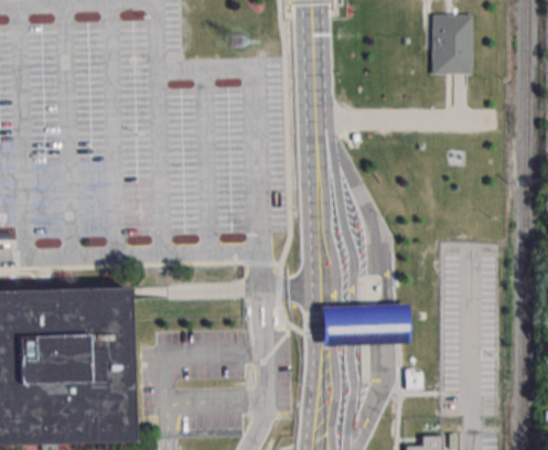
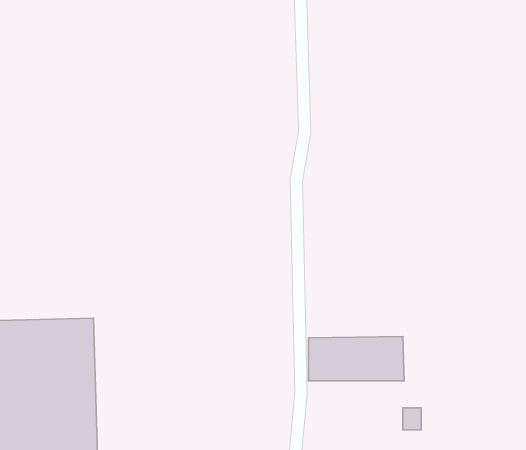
building: [431,12,471,74] -> none

